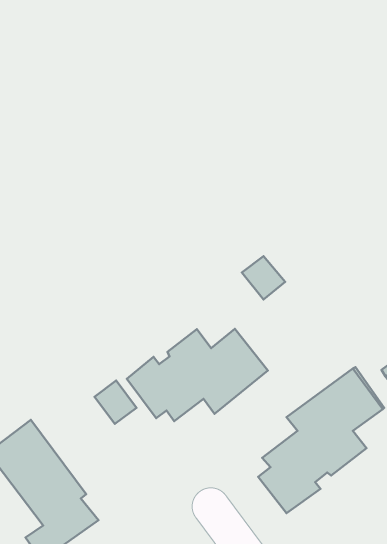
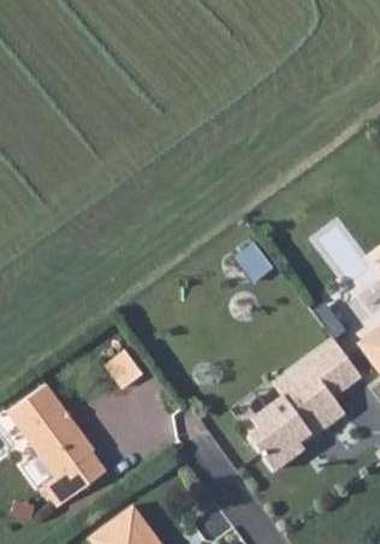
building: [127,329,268,421] -> none

